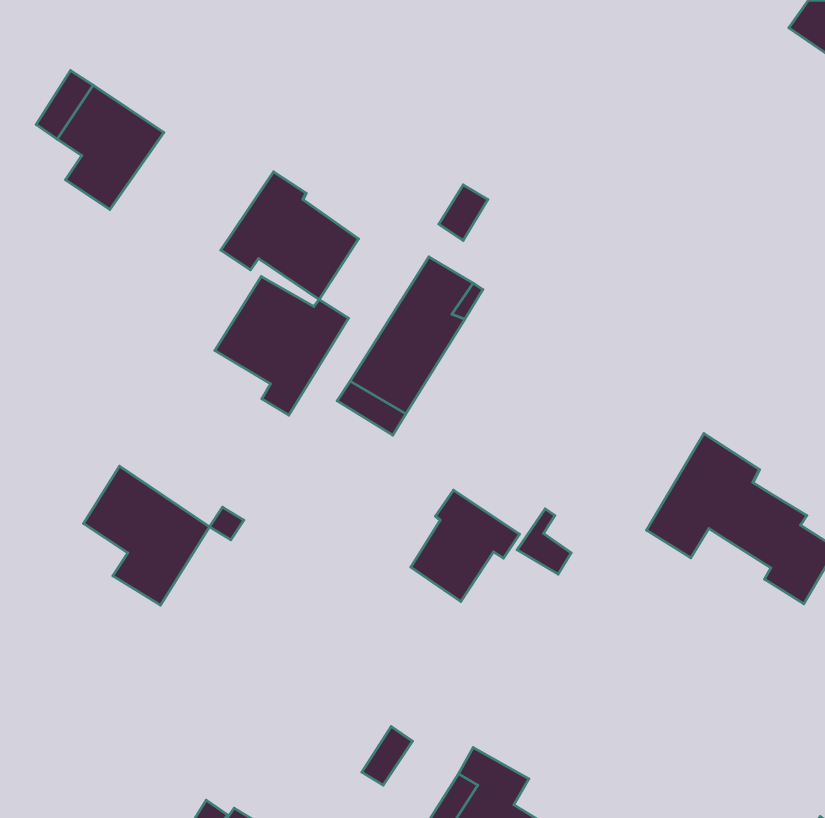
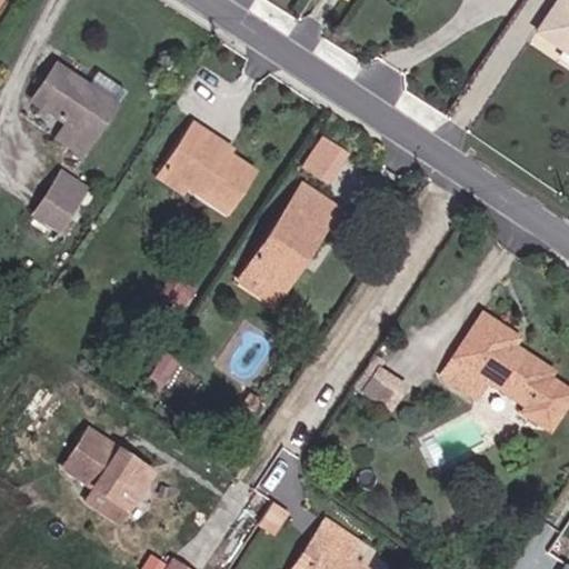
building: none -> [32,170,84,228]
building: [215,277,349,415] -> none
building: [83,466,210,605] -> [69,439,154,533]
building: [411,490,520,602] -> none

